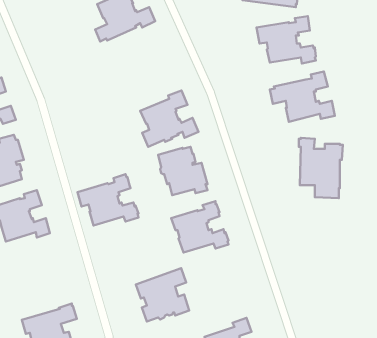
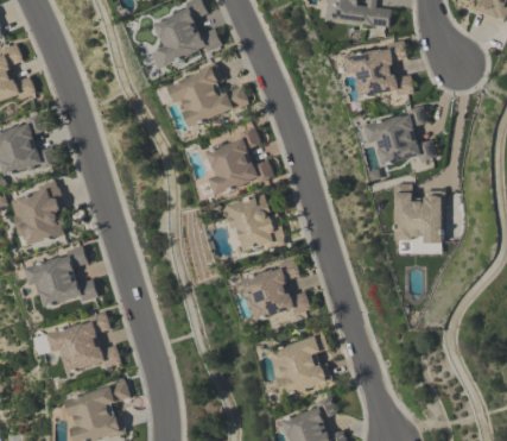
building: none -> [167,63,247,127]
building: [77,174,139,225] -> [47,313,120,373]
building: [136,268,189,322] -> [268,333,331,396]

